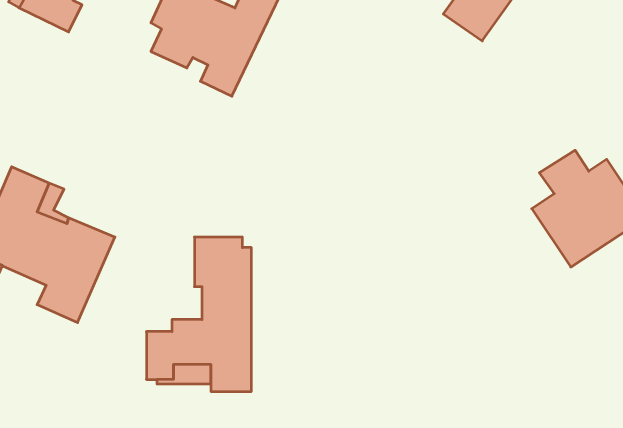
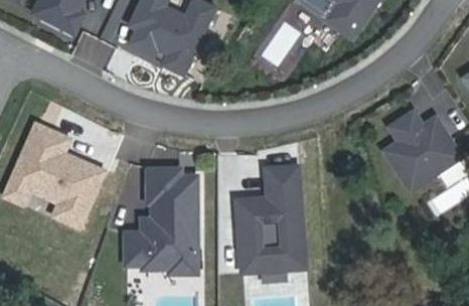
building: none -> [237,166,304,272]

